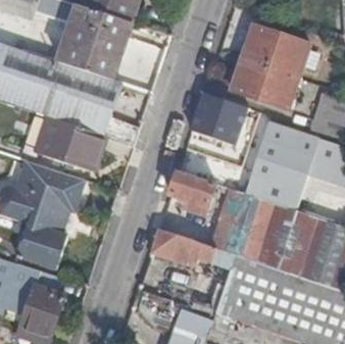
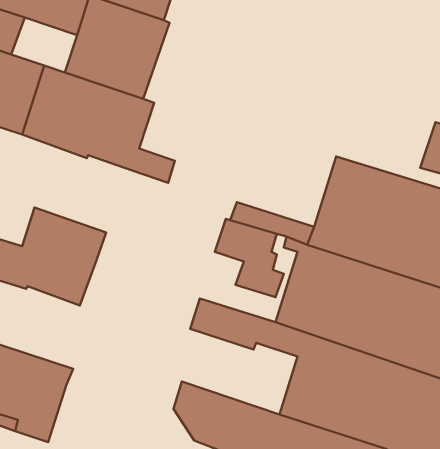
building: [231,23,309,108] -> none
building: [191,94,246,143] -> none
building: [46,122,107,171] -> none
building: [16,219,68,269] -> none

